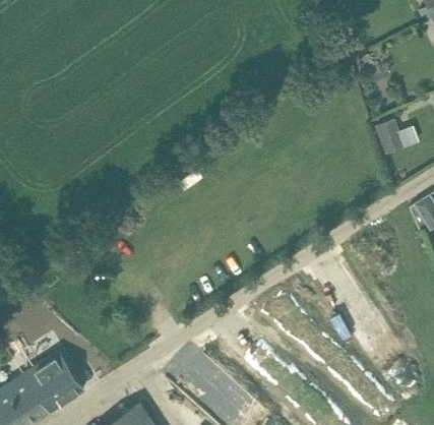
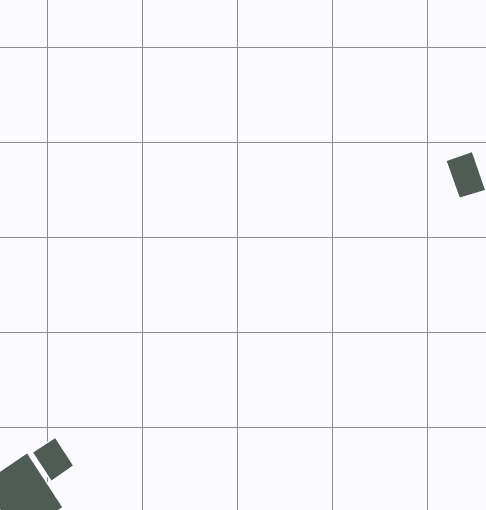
building: none -> [32,437,74,482]

